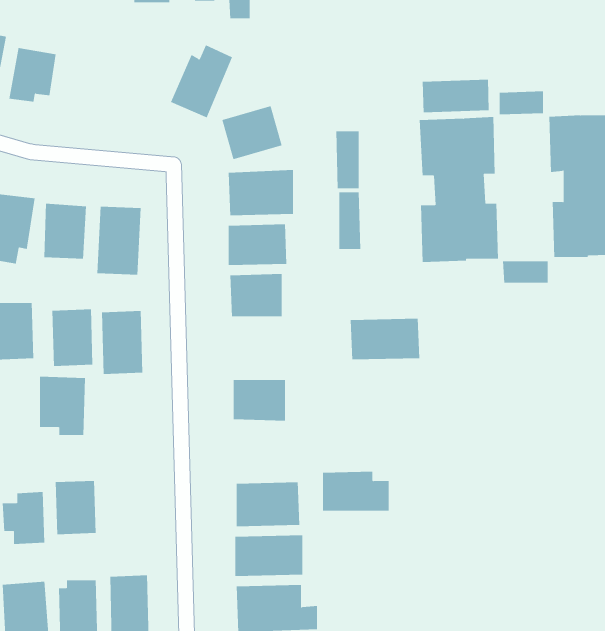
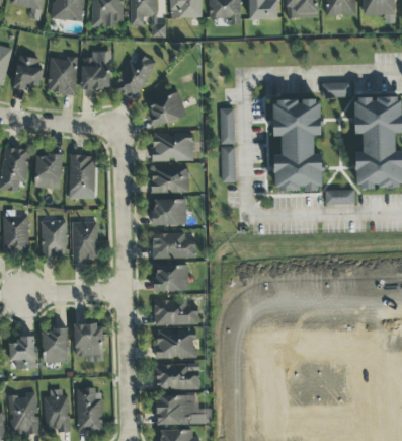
building: none -> [81,51,111,89]
building: none -> [48,56,76,93]
building: [422,79,489,113] -> none
building: [350,318,420,360] -> [151,232,195,259]
building: [39,376,86,436] -> [74,323,103,361]
building: [322,471,389,511] -> [154,299,196,324]

